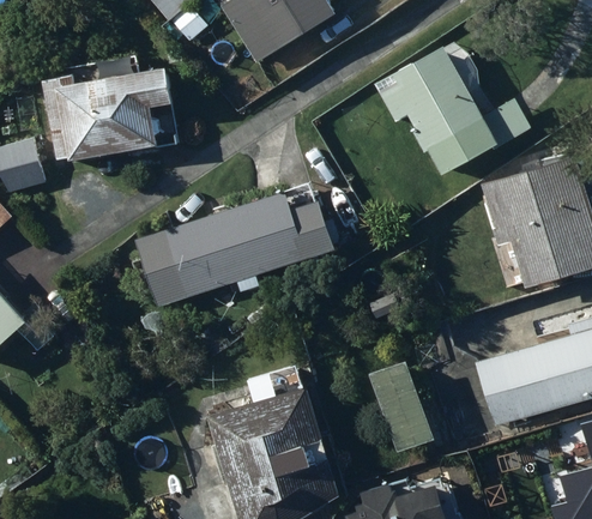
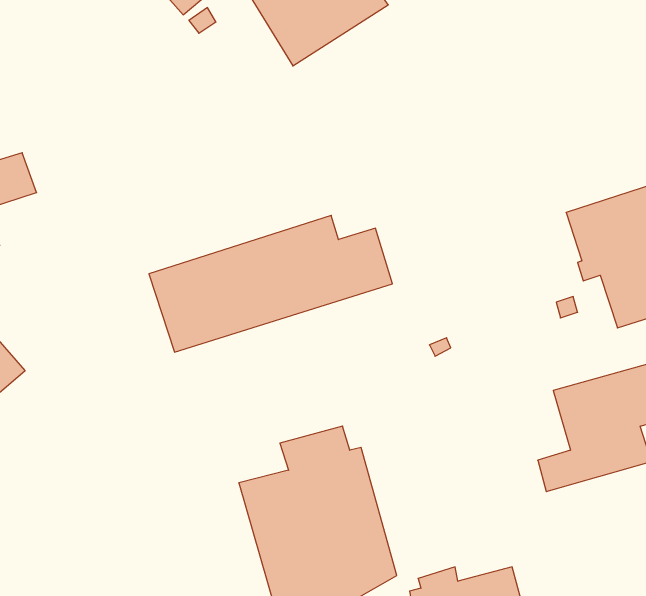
building: [375,47,531,179] -> none
building: [46,66,180,159] -> none
building: [369,360,437,454] -> none

